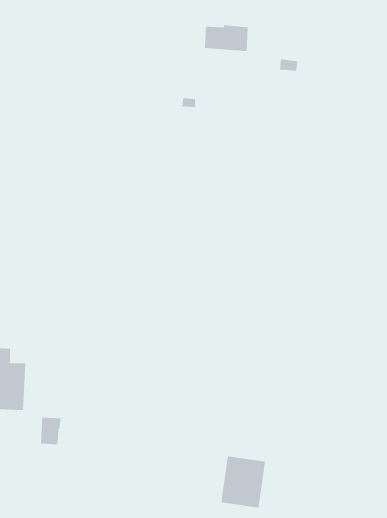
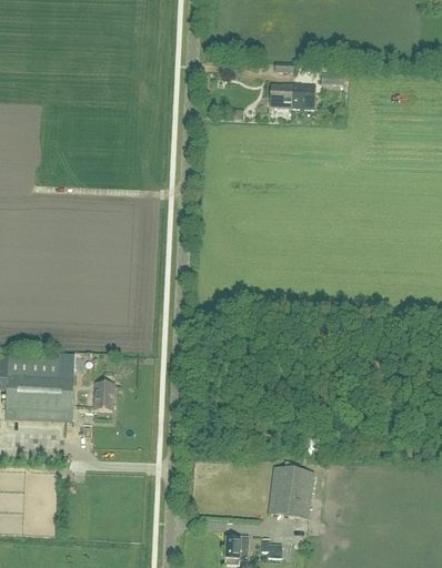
building: [204,25,249,52] -> [270,82,314,109]
building: [40,417,61,445] -> [93,382,114,409]

